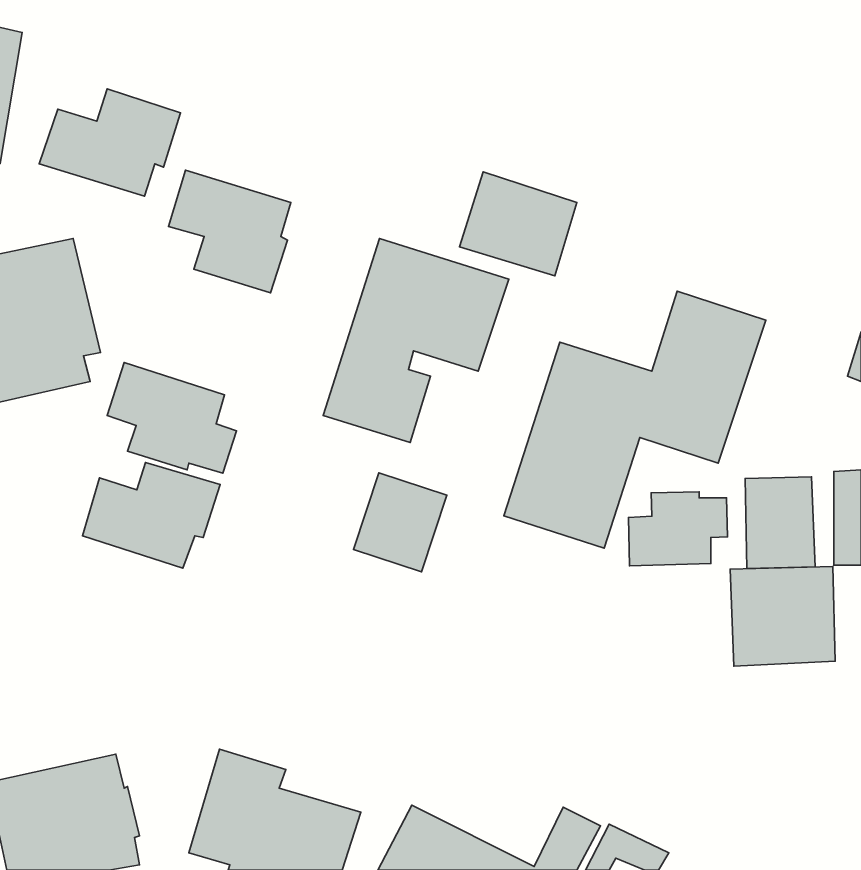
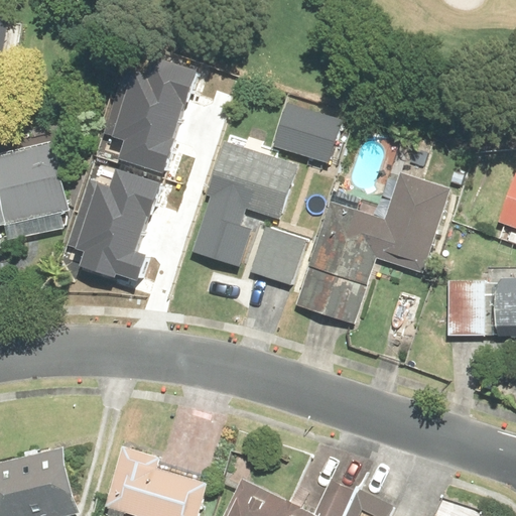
building: [39,89,180,196] -> [110,56,194,120]
building: [83,463,220,568] -> [74,171,155,234]
building: [353,473,447,572] -> [253,228,308,286]
building: [628,492,727,566] -> none
building: [730,566,835,666] -> none

